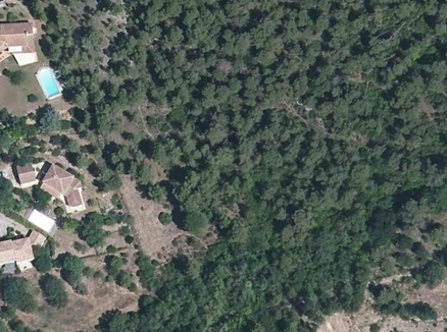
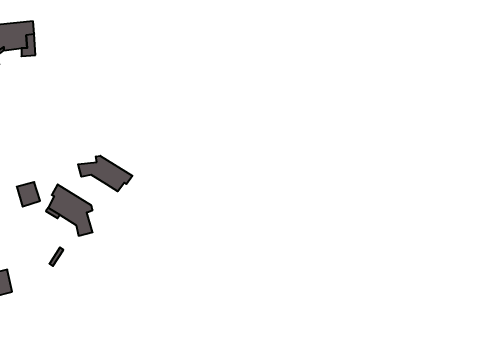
building: none -> [78,156,132,191]
building: [9,228,43,261] -> none

